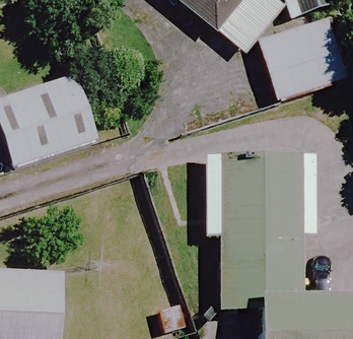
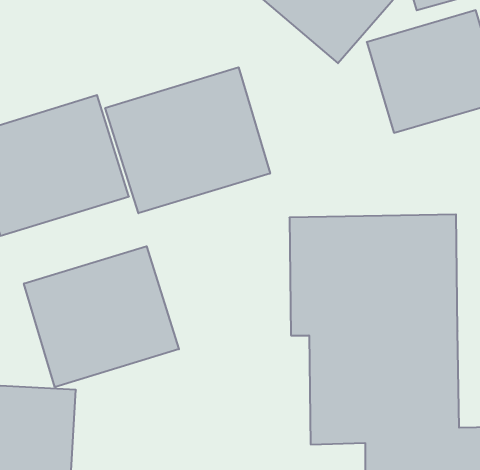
building: none -> [105,67,270,213]
building: none -> [24,246,179,387]

